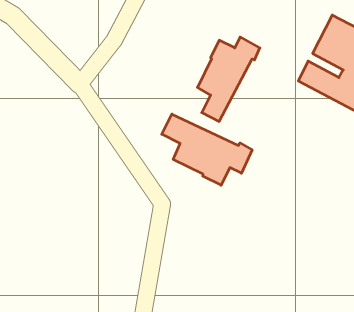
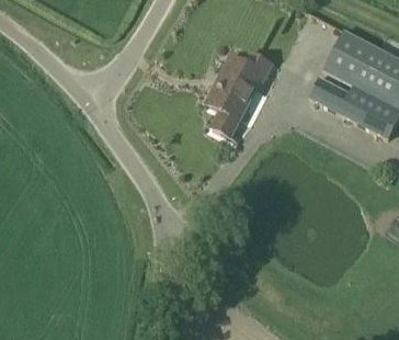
building: [162,114,252,185] -> none

